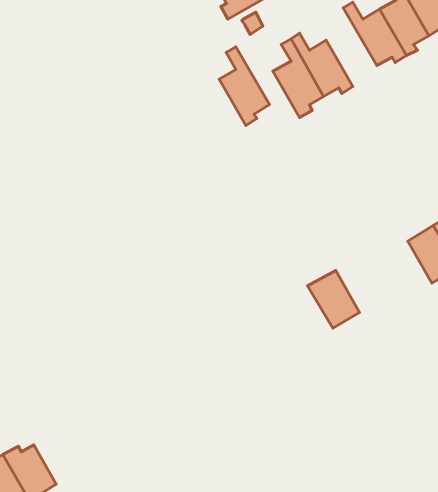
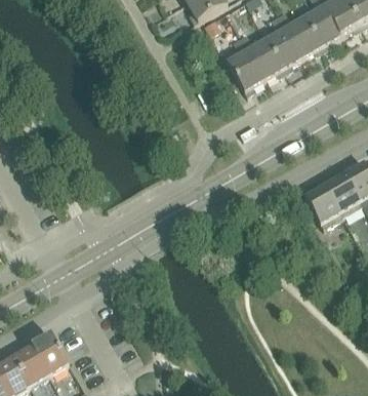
building: [219,47,270,126] -> [265,15,302,73]
building: [308,270,360,328] -> [304,186,342,228]

